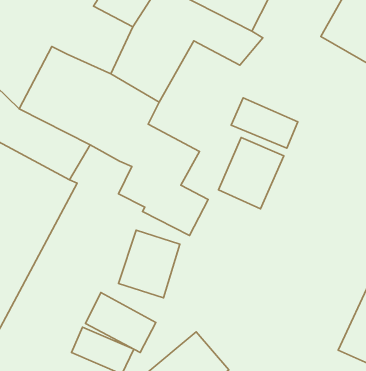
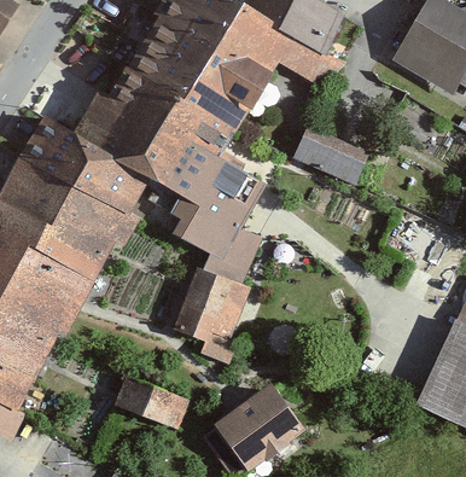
building: none -> [116,24,188,99]
building: [218,138,284,209] -> none
building: [86,293,156,352] -> none

